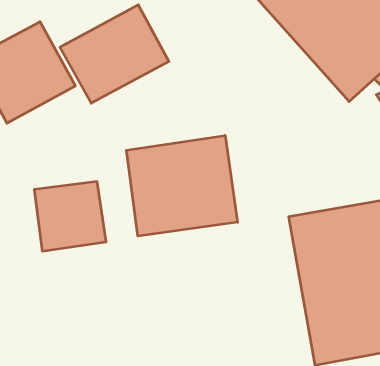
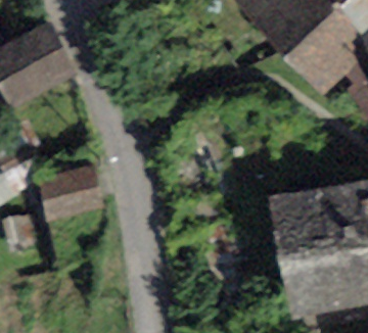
building: [60,5,169,103] -> none
building: [126,135,238,236] -> none

